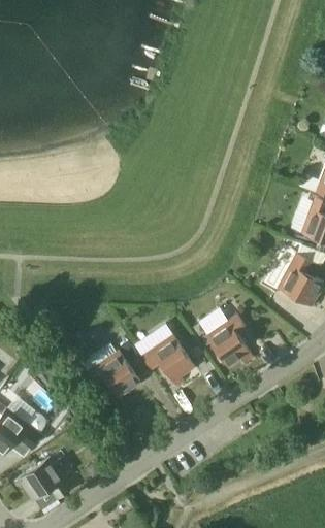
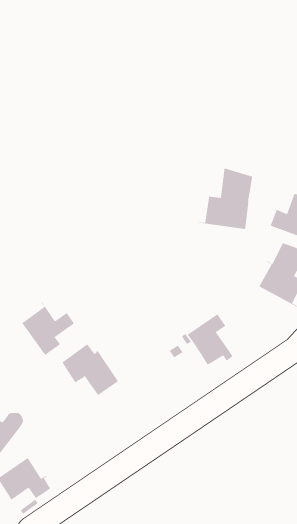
building: none -> [198,167,255,230]
building: none -> [22,302,74,356]
building: [142,330,194,386] -> none

